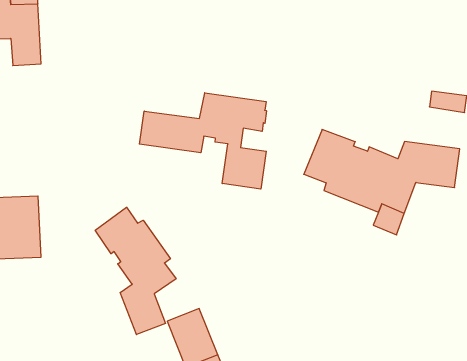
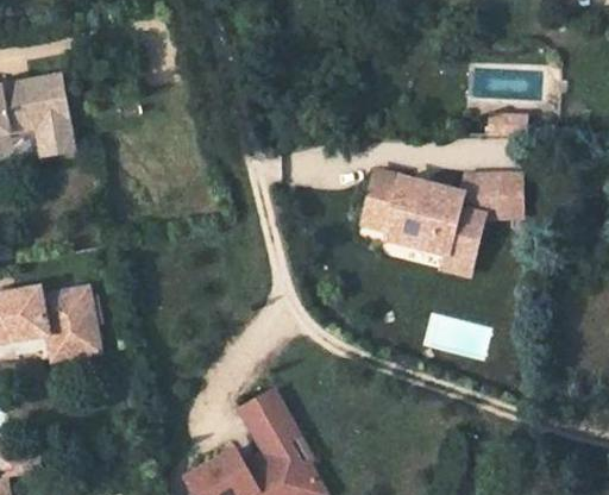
building: [139,93,266,189] -> none
building: [95,207,176,335] -> none

